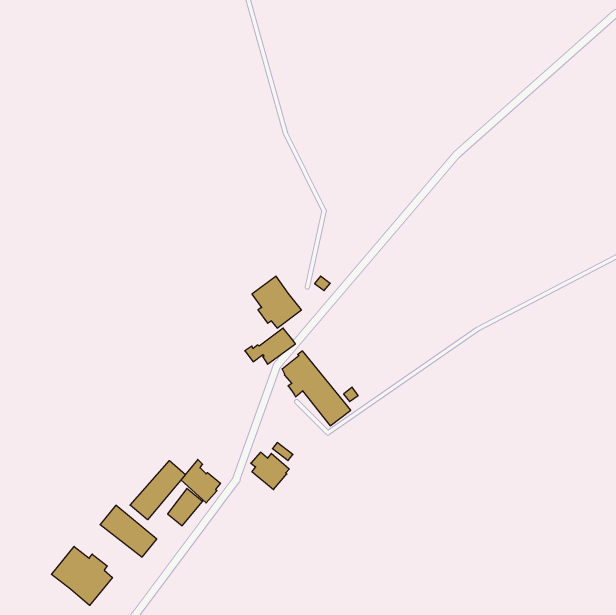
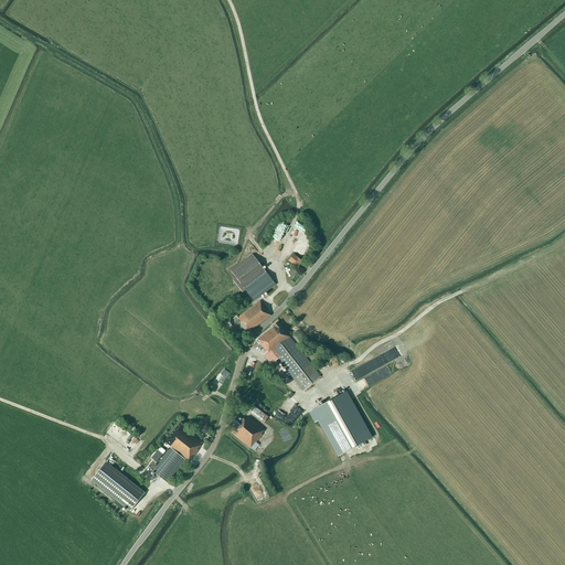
building: none -> [309,391,372,455]
building: [130,461,185,520] -> none
building: [51,546,112,605] -> none

